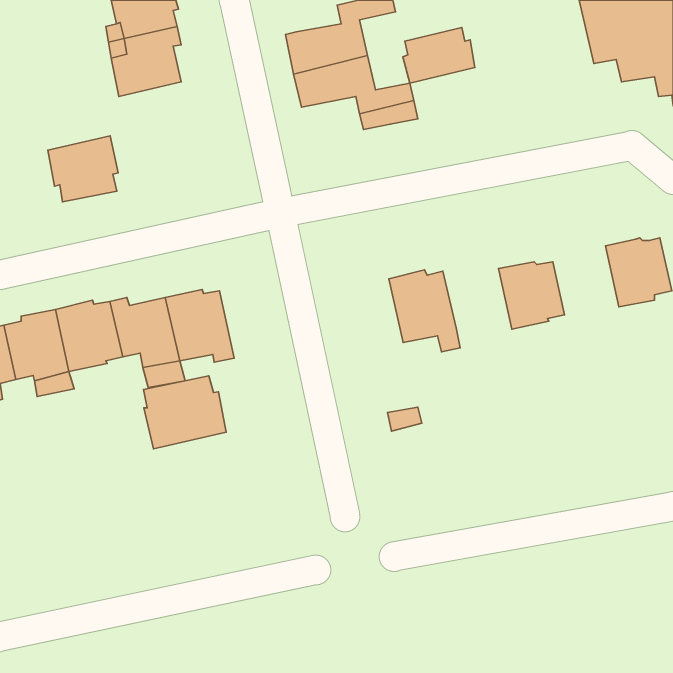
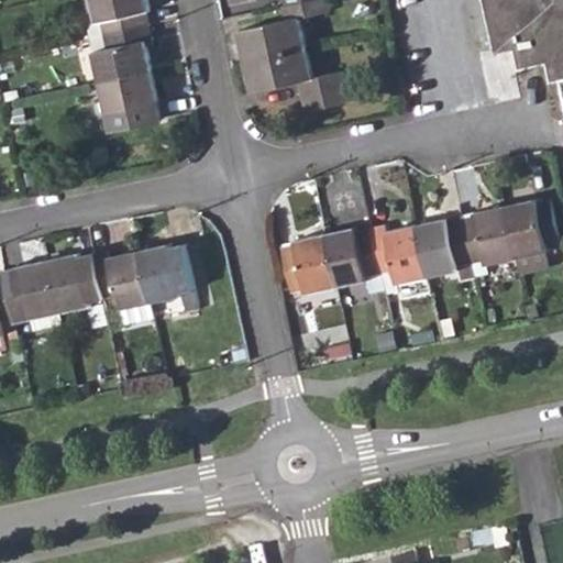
building: [403,28,475,83] -> none
building: [48,136,118,202] -> [99,70,157,125]
building: none -> [460,207,515,265]
building: none -> [368,225,426,283]
building: none -> [278,234,335,294]
building: [143,376,226,449] -> none

